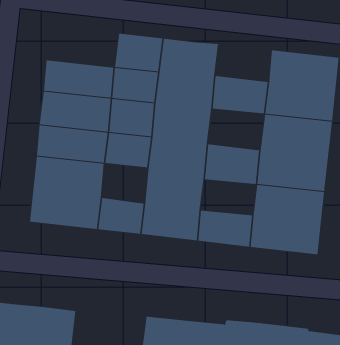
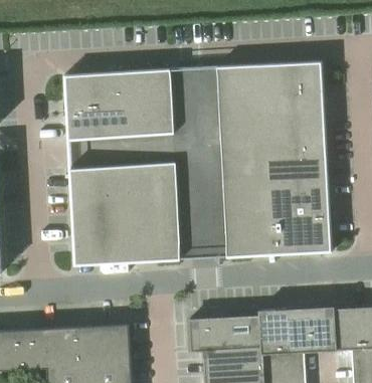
building: none -> [66,77,128,111]
building: none -> [215,70,263,101]
building: none -> [218,127,265,161]
building: none -> [133,190,173,222]
building: none -> [221,189,268,219]

